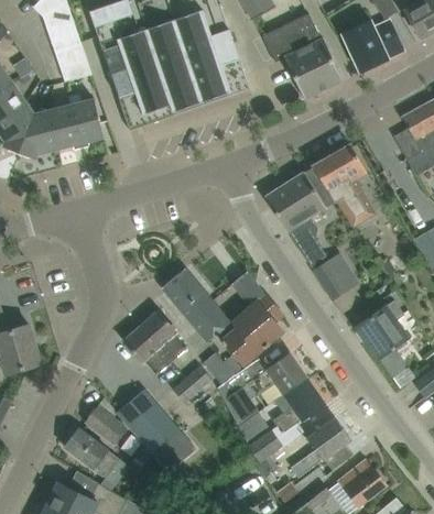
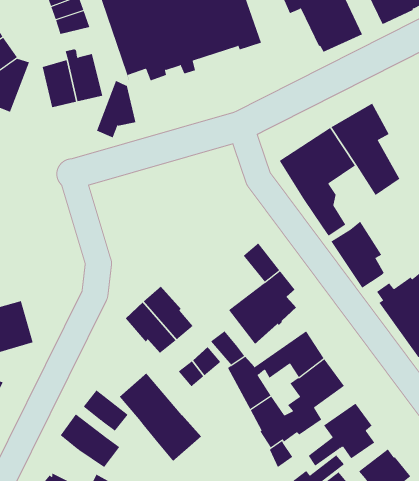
building: [20,107,57,160] -> [96,80,137,138]
building: [162,267,230,342] -> none

